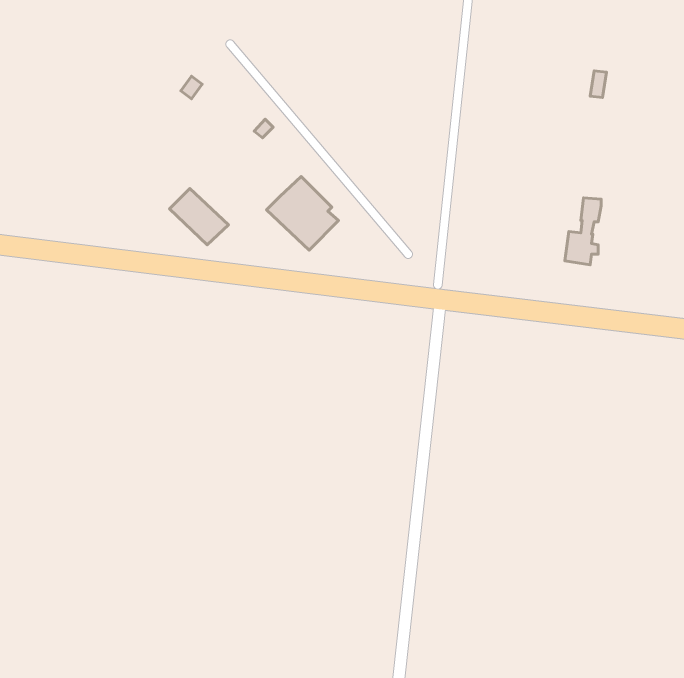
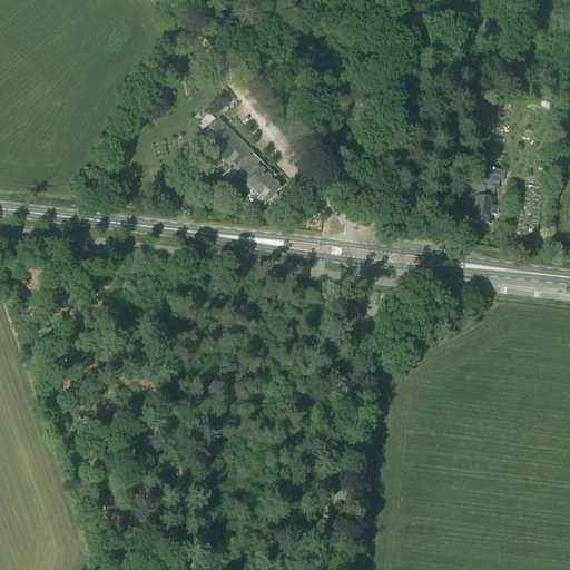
building: [170,189,229,245] -> [202,117,250,164]

